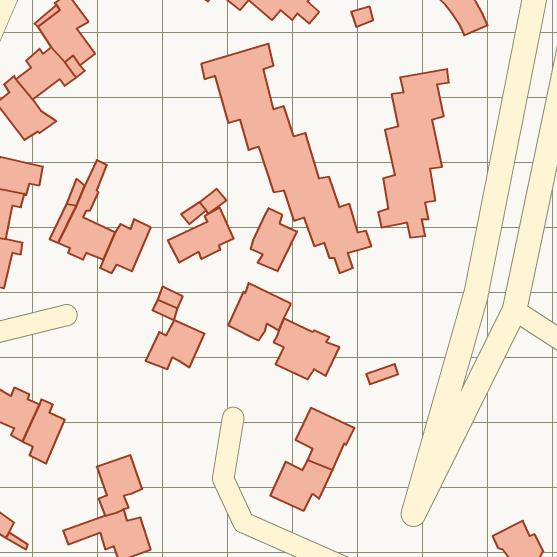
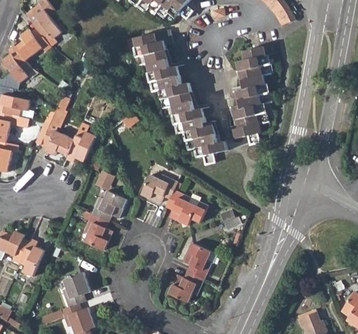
building: [168,207,234,263] -> none
building: [251,208,297,271] -> none
building: none -> [82,211,111,251]

